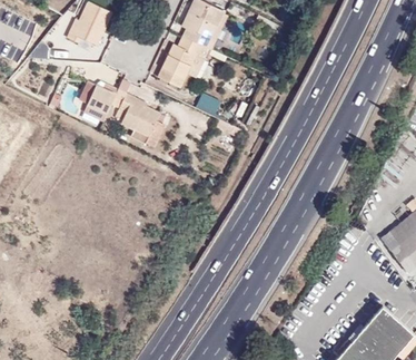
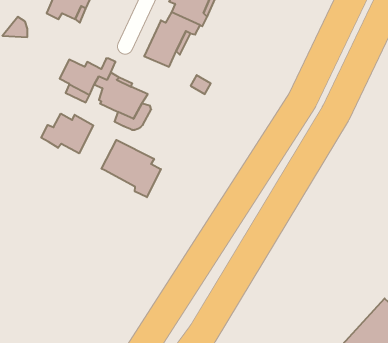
building: none -> [41,114,93,153]
building: none -> [101,140,161,197]

